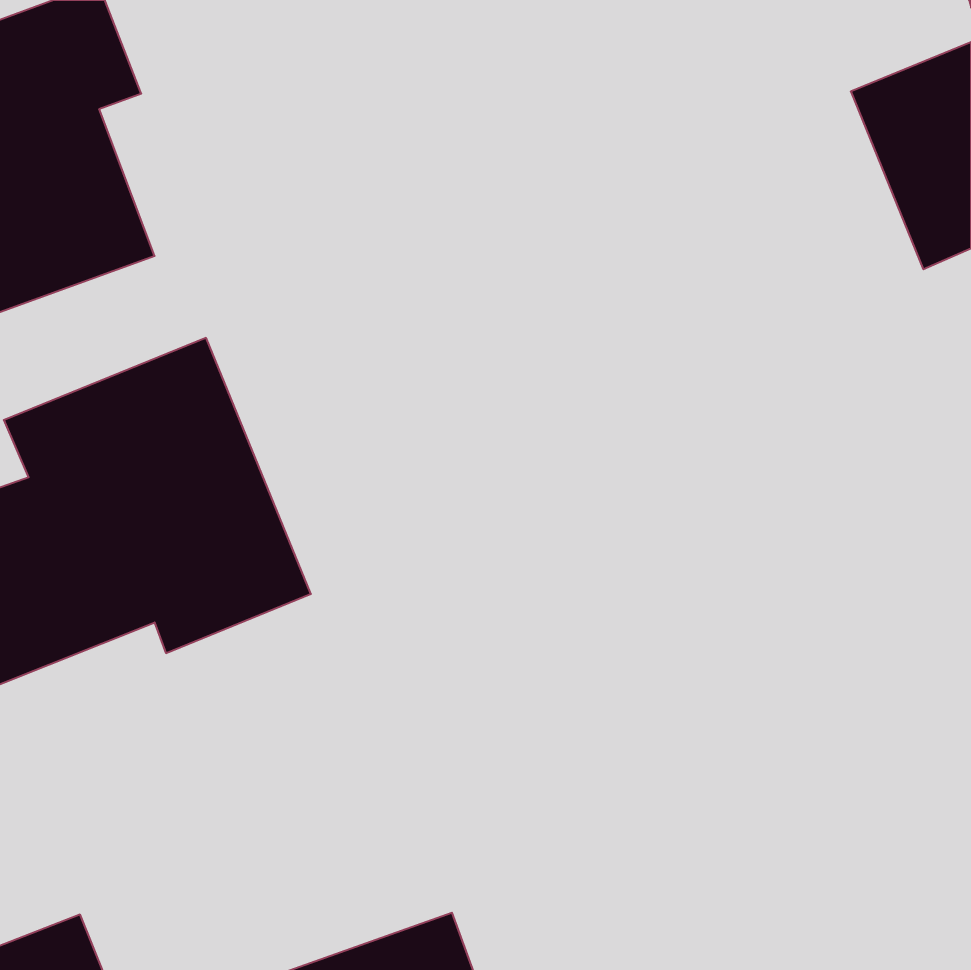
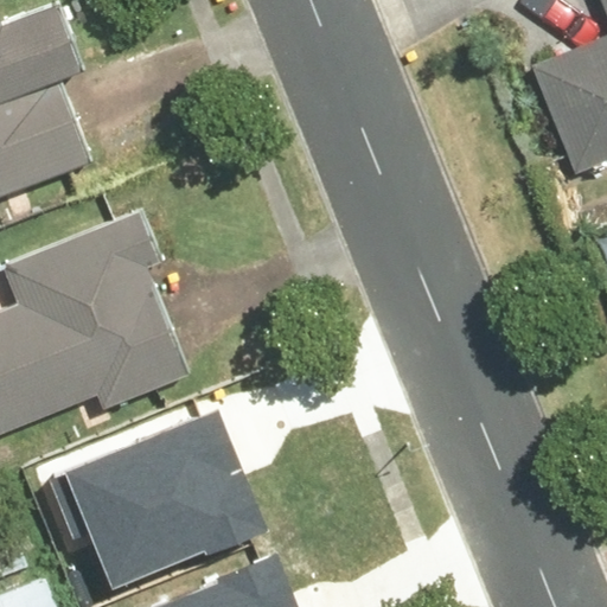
building: none -> [49,423,263,593]

